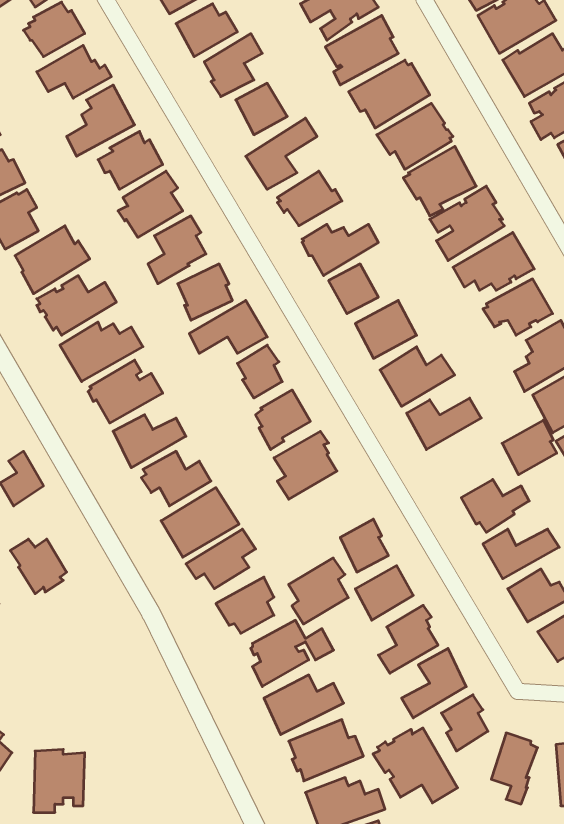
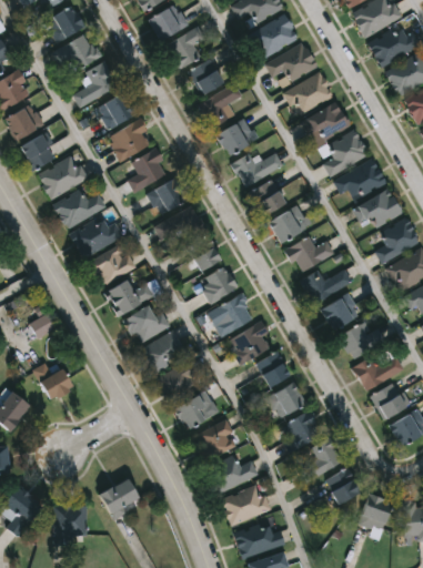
building: [502,420,557,475] -> [321,293,357,329]
building: [289,558,348,624] -> [232,321,272,365]
building: none -> [95,479,135,521]
building: [373,728,458,803] -> none

